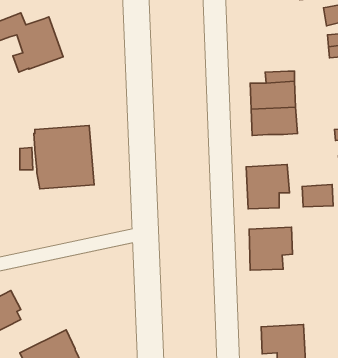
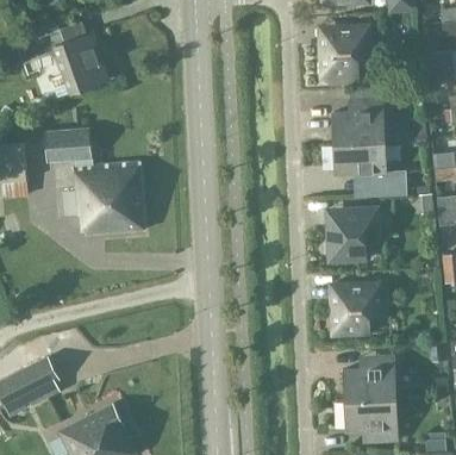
building: none -> [319,25,370,87]
building: none -> [46,127,94,160]
building: [302,185,333,207] -> [371,169,408,195]
building: none -> [344,354,395,399]

